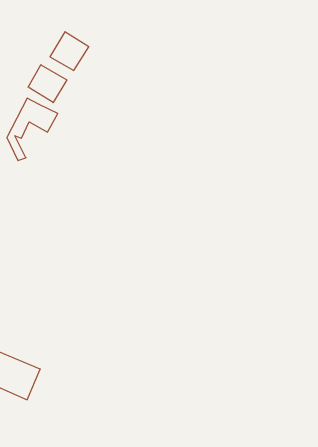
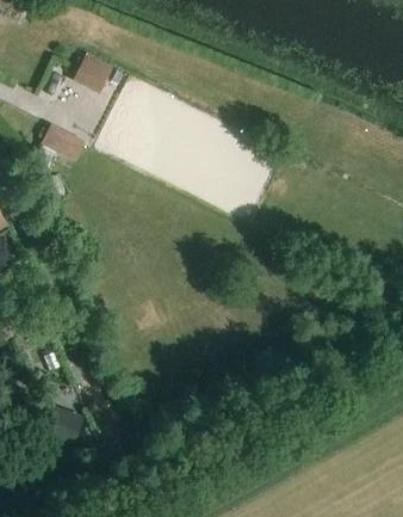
building: [28,65,67,103] -> none

